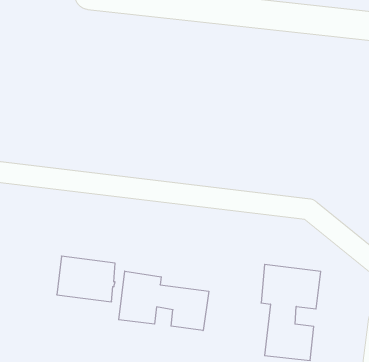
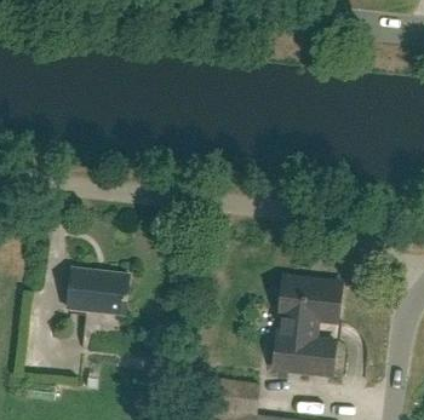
building: [119,271,209,331] -> none

